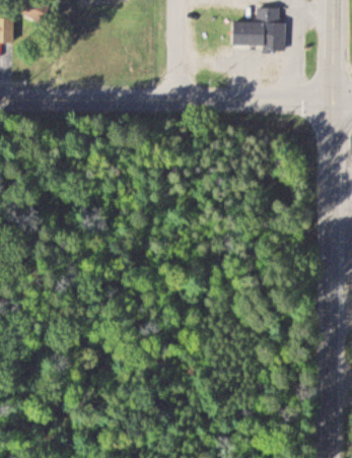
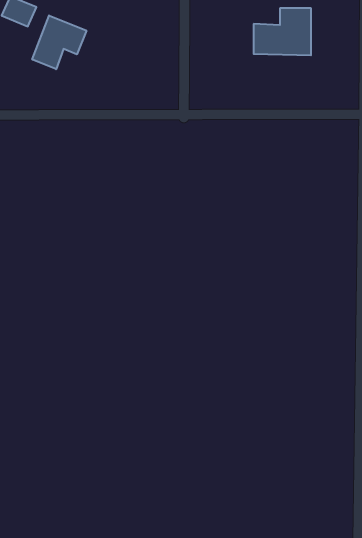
building: none -> [32,15,86,69]

